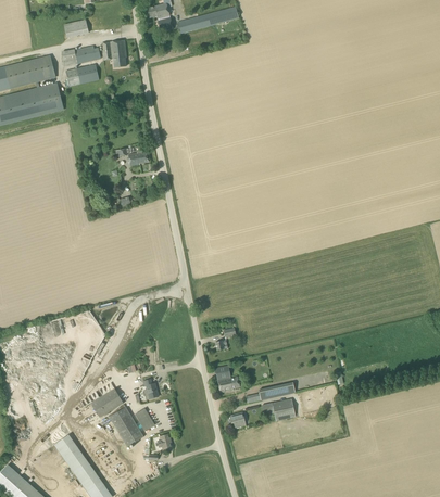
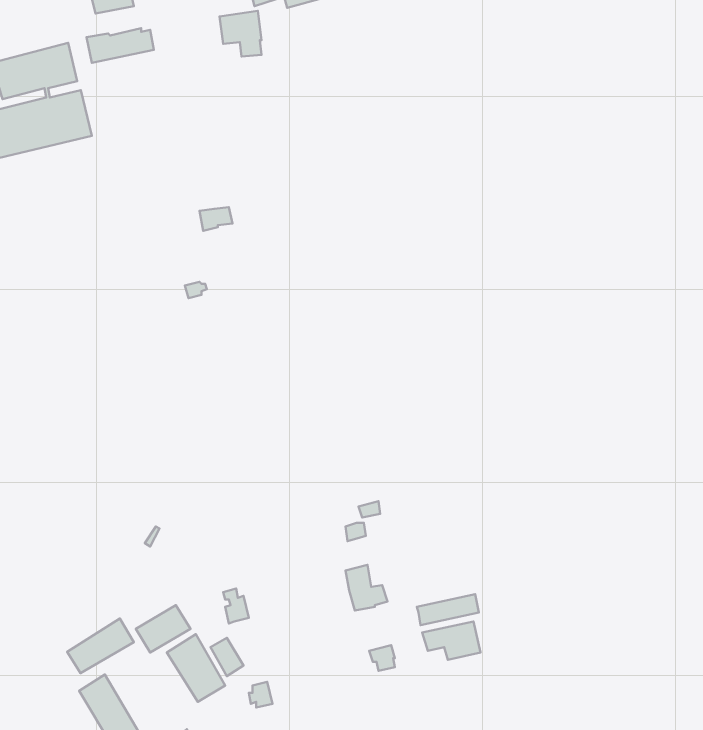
building: [100,40,125,67] -> [220,11,262,57]
building: [64,63,98,86] -> none
building: none -> [67,619,134,673]

